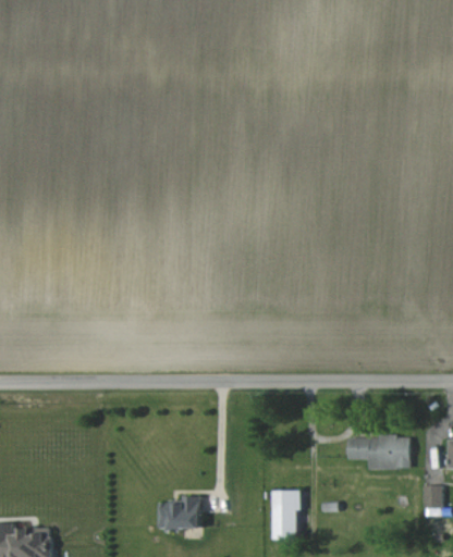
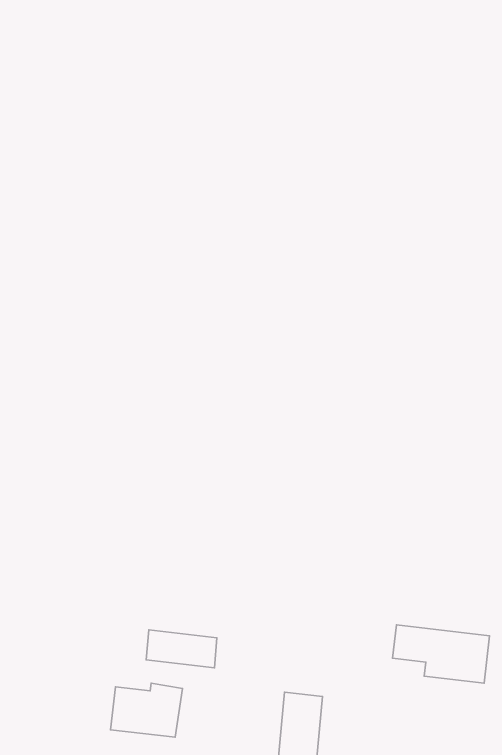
building: none -> [146,630,217,668]

